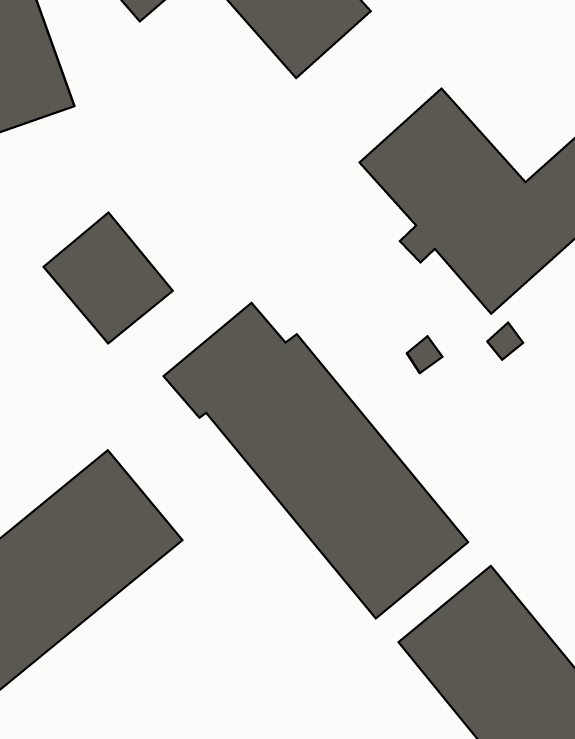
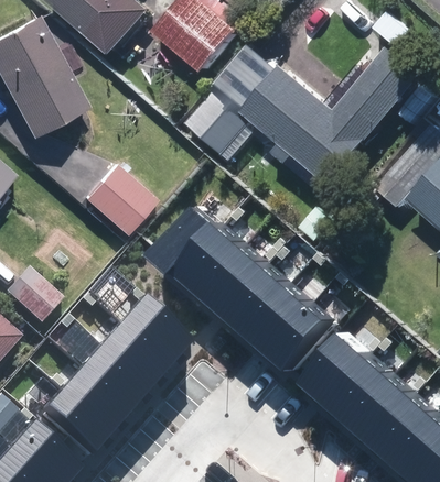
building: none -> [190,68,258,164]

